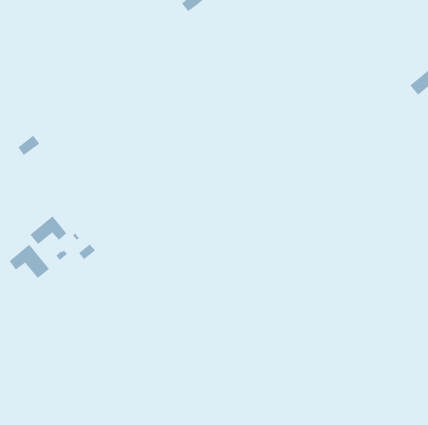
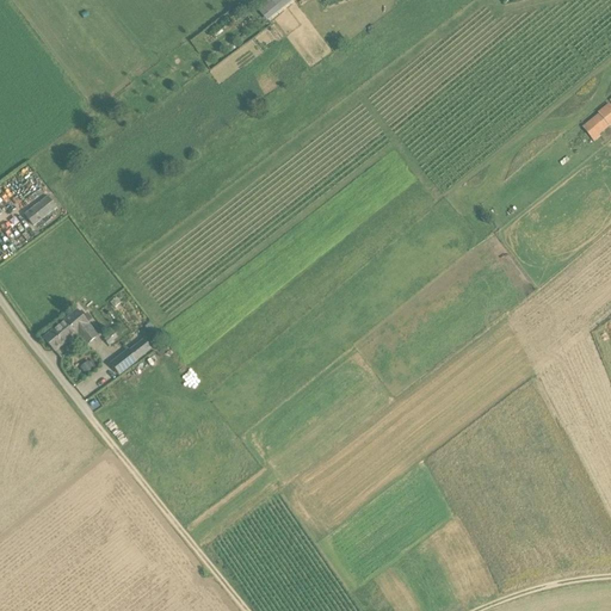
building: [9,244,50,279] -> none

